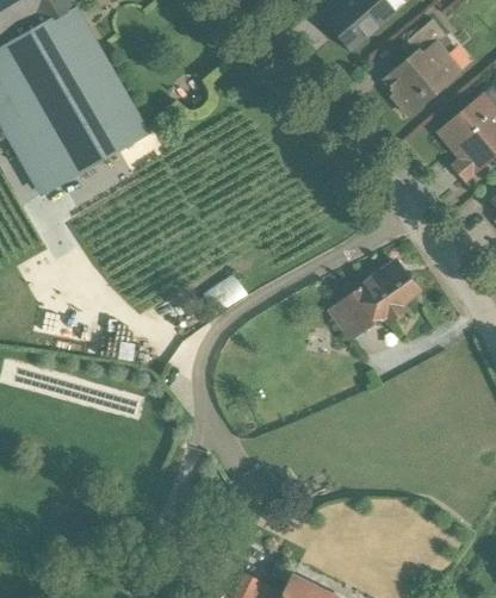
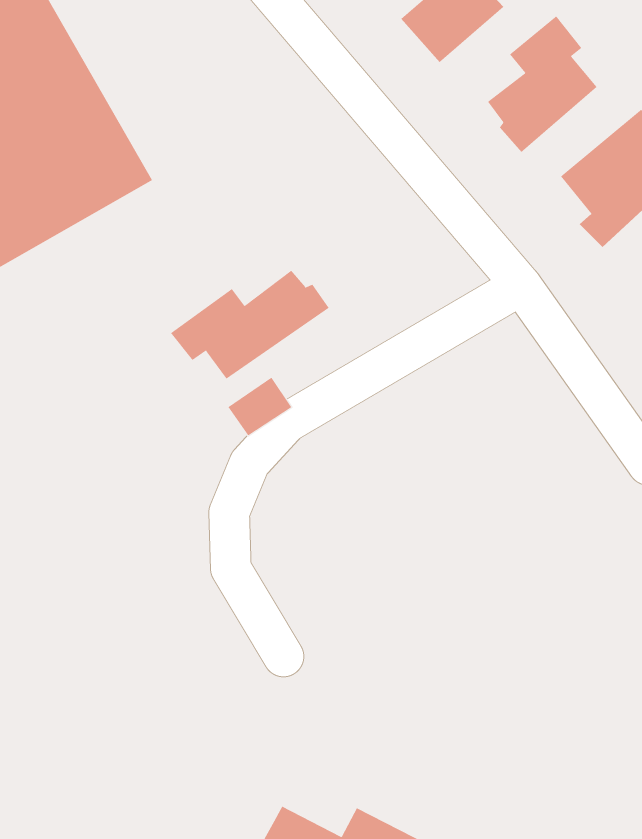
building: none -> [170,270,329,380]
building: [327,260,416,338] -> none

